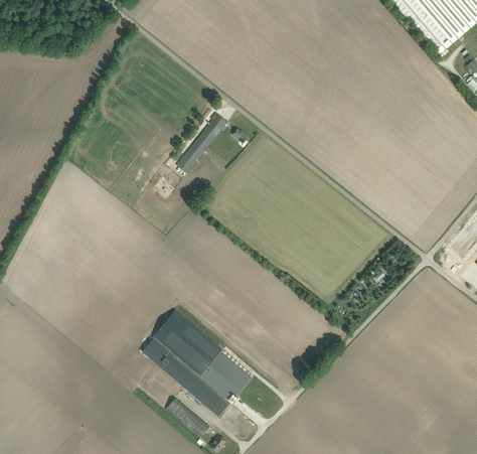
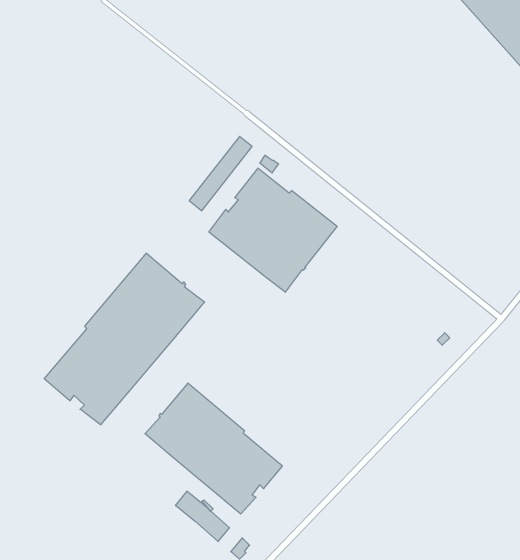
building: none -> [209,168,337,292]
building: none -> [44,253,205,425]

